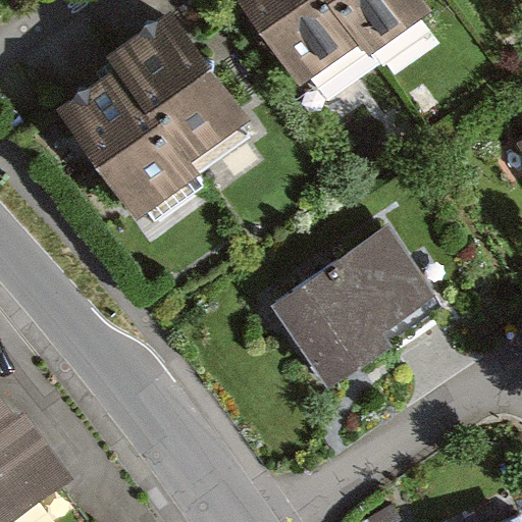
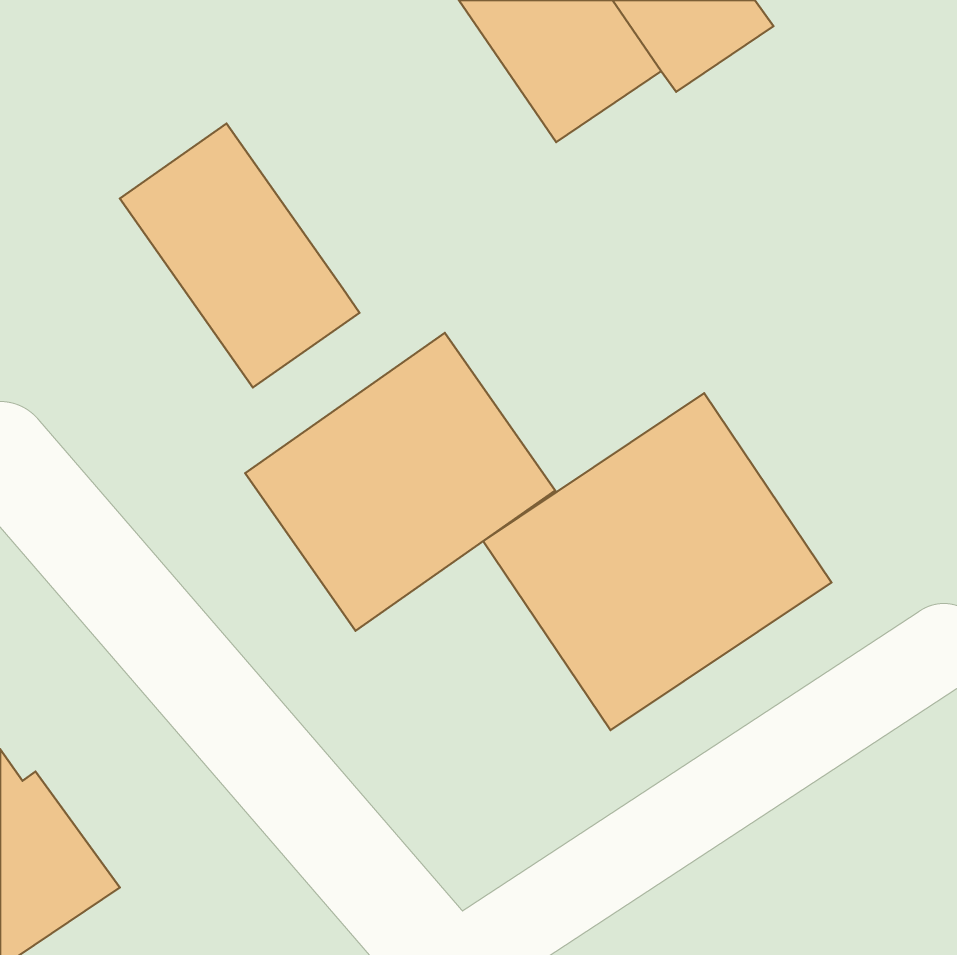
building: [116,20,240,158] -> none
building: none -> [245,333,555,631]

